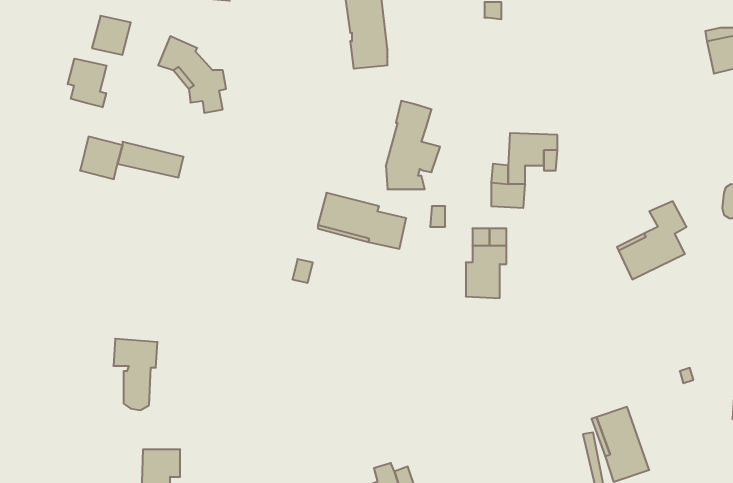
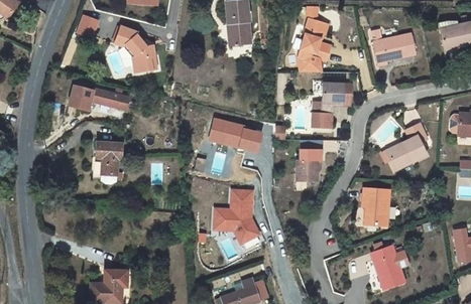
building: none -> [370,29,415,65]
building: [68,59,107,107] -> none
building: [386,101,440,189] -> [300,18,332,70]
building: none -> [362,188,388,225]
building: none -> [217,189,262,242]
building: [113,339,158,410] -> [96,141,122,183]

